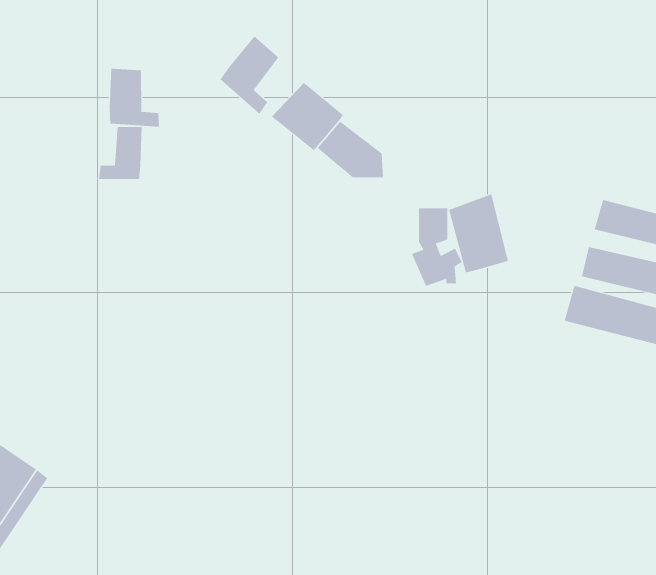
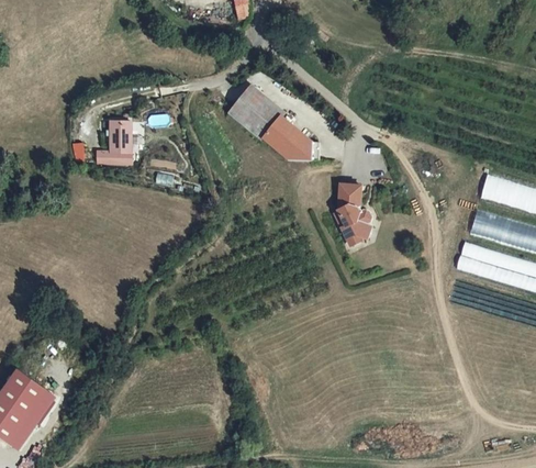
building: [220,35,279,114] -> none
building: [109,68,159,128] -> none
building: [449,193,509,273] -> none

